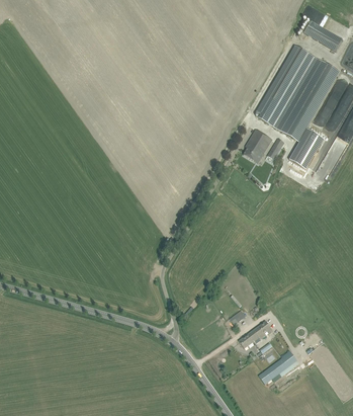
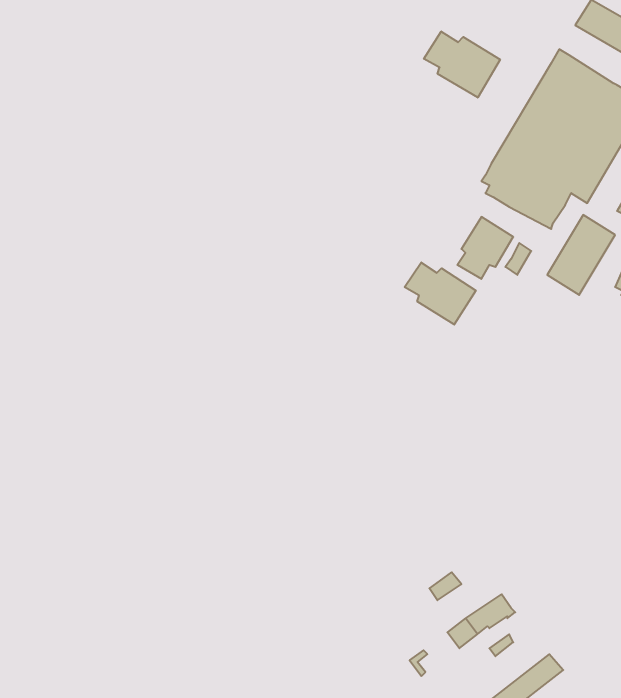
building: none -> [424,31,500,98]
building: none -> [405,262,476,325]

